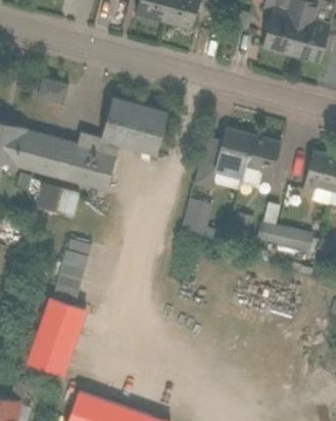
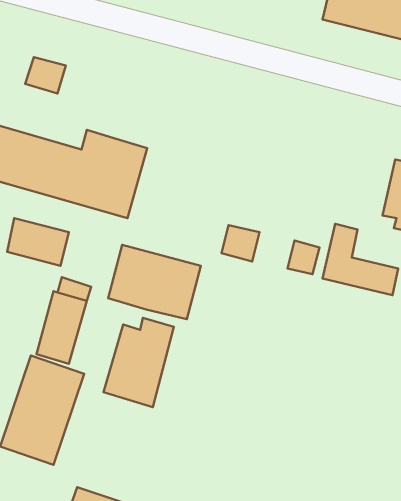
building: [103,97,171,151] -> [108,245,201,319]
building: [196,123,283,192] -> none
building: none -> [104,318,174,407]

